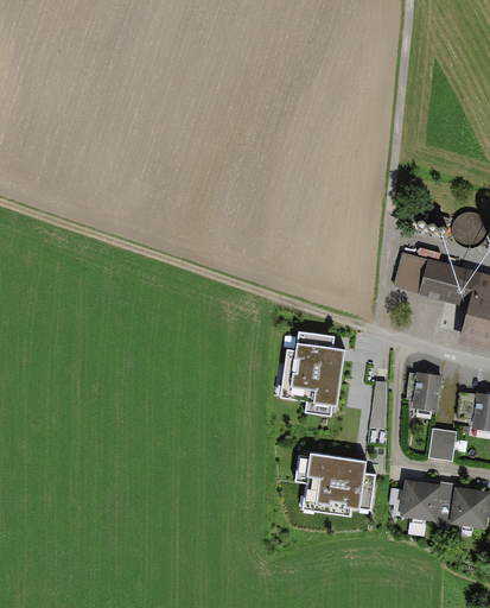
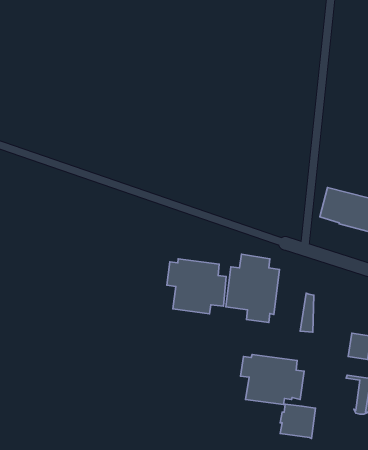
building: none -> [167,259,226,314]
building: [407,370,441,411] -> none
building: [400,480,443,521] -> [280,404,315,438]

